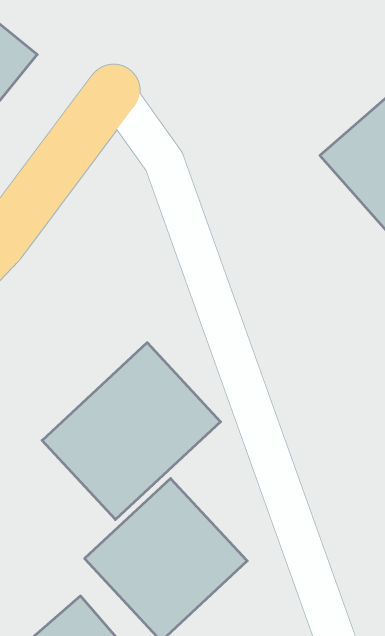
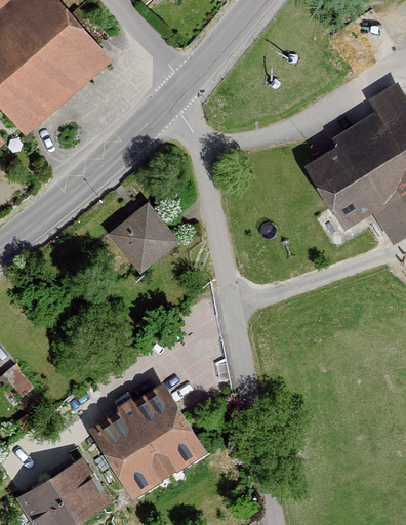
building: none -> [104,203,173,273]
building: [42,343,221,520] -> none

